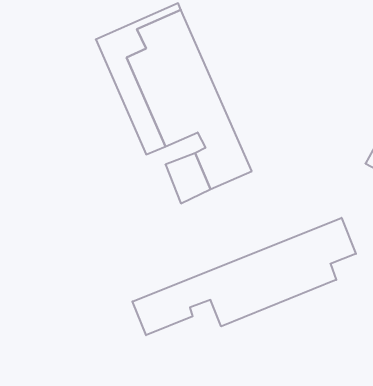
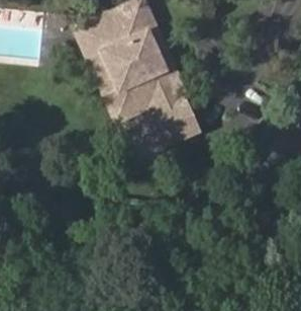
building: [132,218,356,335] -> none

